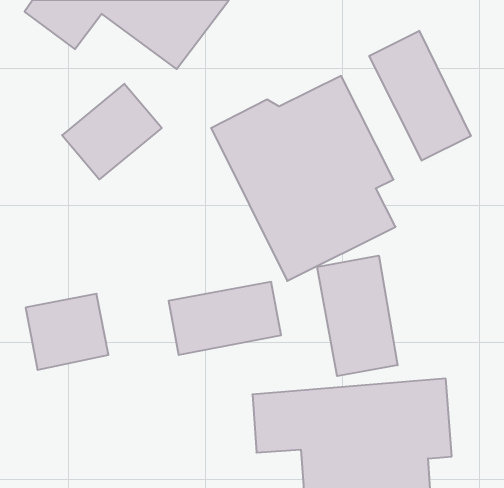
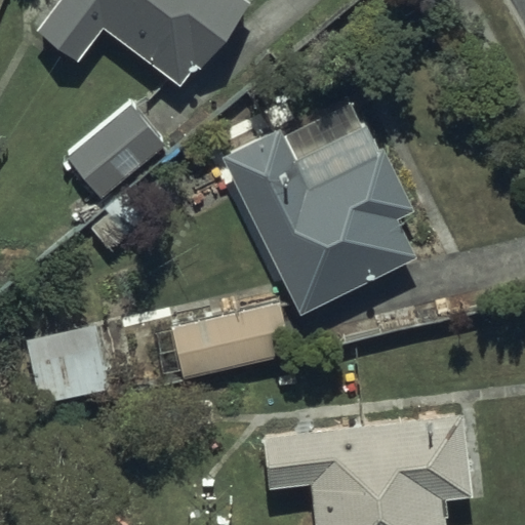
building: [369,31,471,161] -> none
building: [317,256,398,376] -> none

